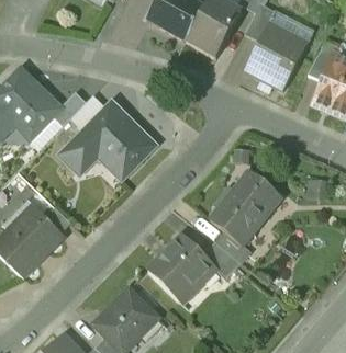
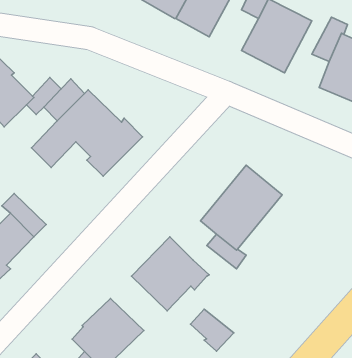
building: [202,242,241,280] -> [190,309,234,351]

